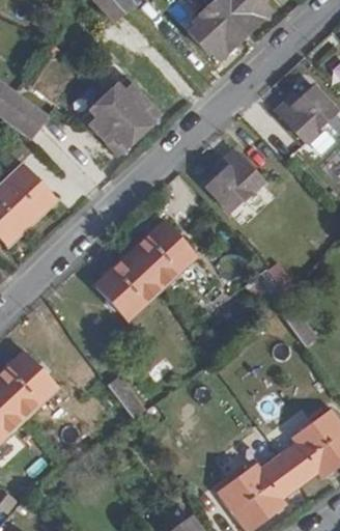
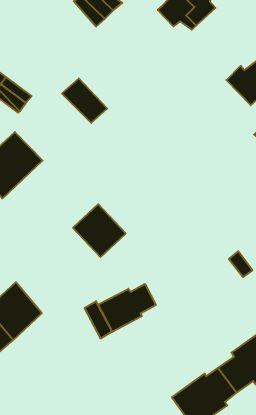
building: [189,13,242,59] -> none
building: [102,78,160,136] -> none
building: [212,141,271,204] -> none
building: [125,221,196,290] -> none
building: none -> [98,284,156,332]

